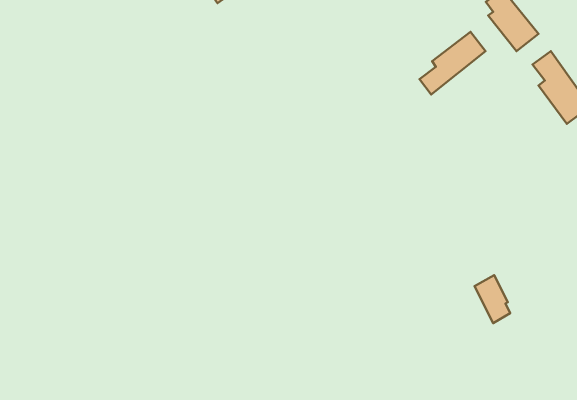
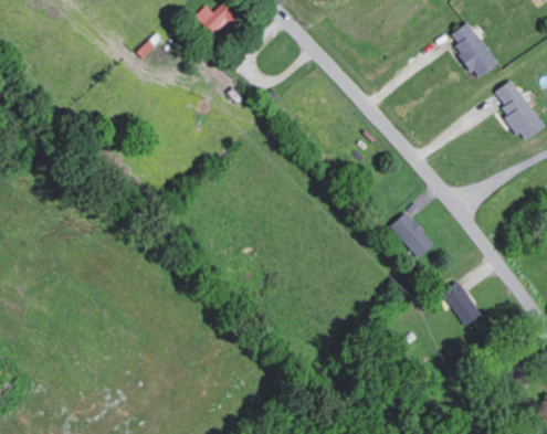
building: [419,32,485,94] -> none
building: none -> [389,213,436,261]

